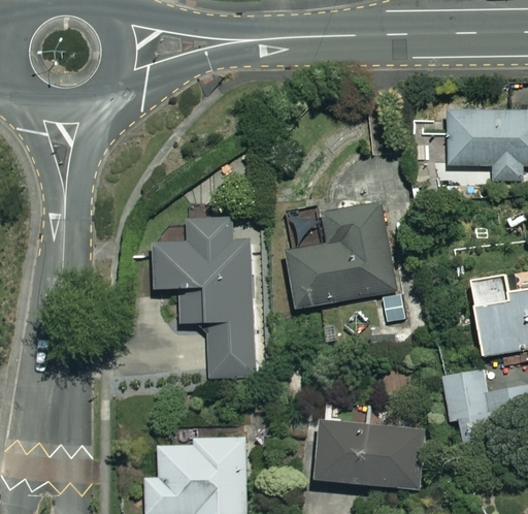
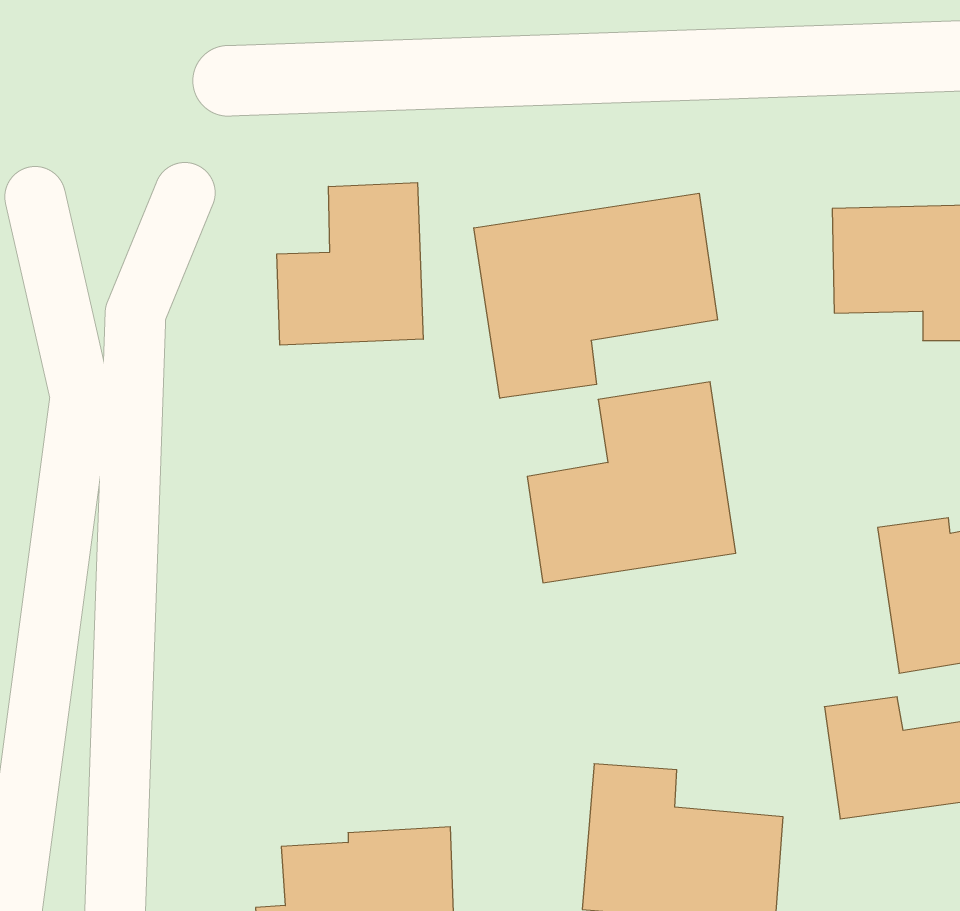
building: none -> [277,183,423,345]
building: none -> [474,193,717,398]
building: [152,217,254,378] -> none

